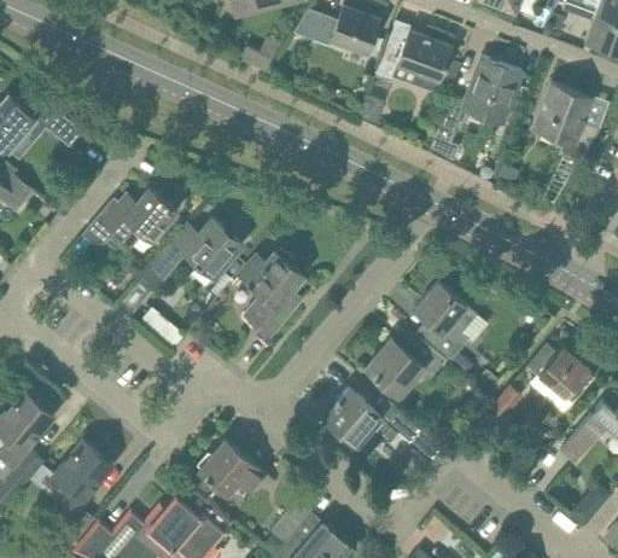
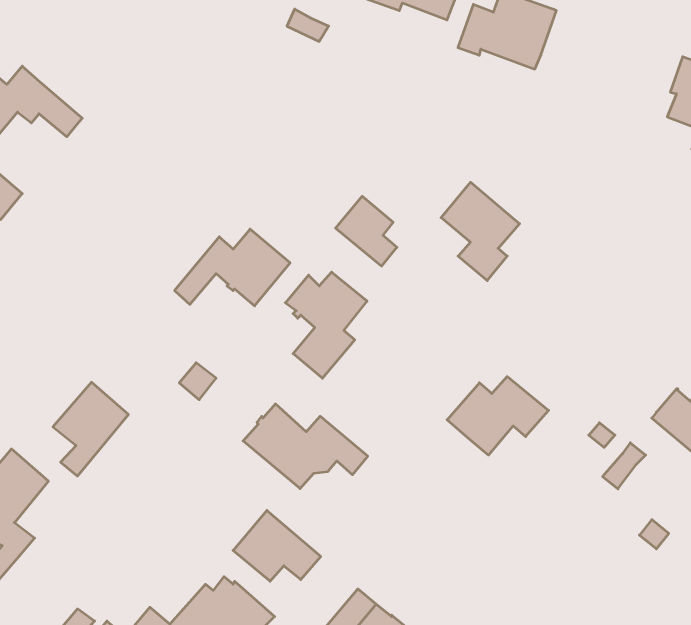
building: [437,59,521,135] -> none
building: [82,187,176,246] -> none
building: none -> [336,196,397,266]
building: [415,283,477,360] -> [441,182,520,281]
building: [323,389,421,455] -> [243,404,368,489]
building: [53,441,112,515] -> [53,382,128,476]

